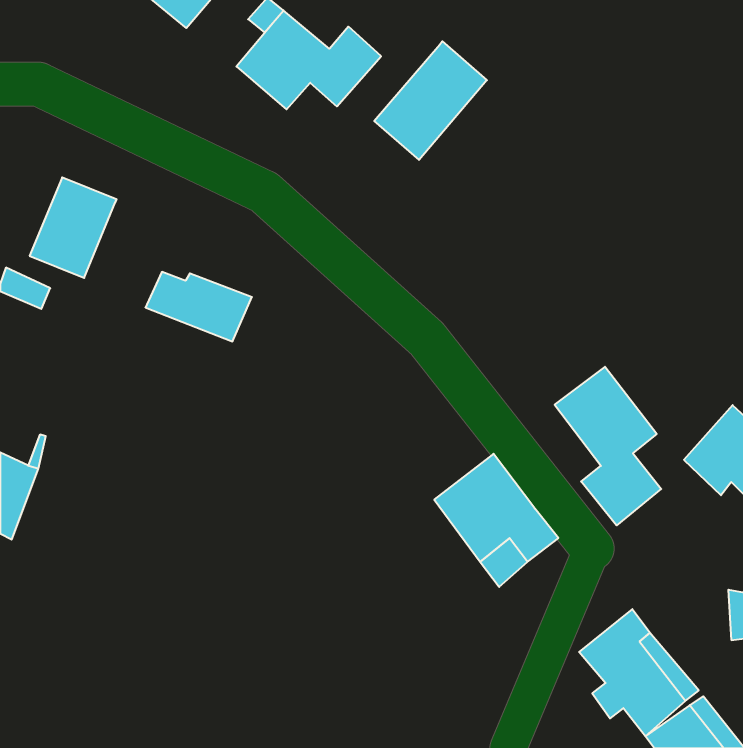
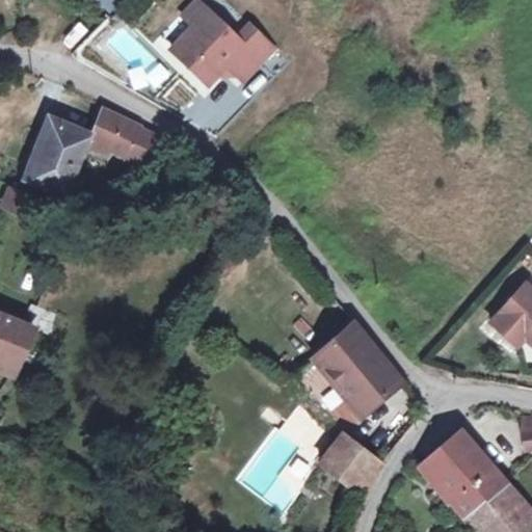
building: [374,41,487,160] -> none
building: [145,272,252,341] -> [89,117,164,166]
building: [555,367,661,525] -> none
building: none -> [320,431,380,487]

